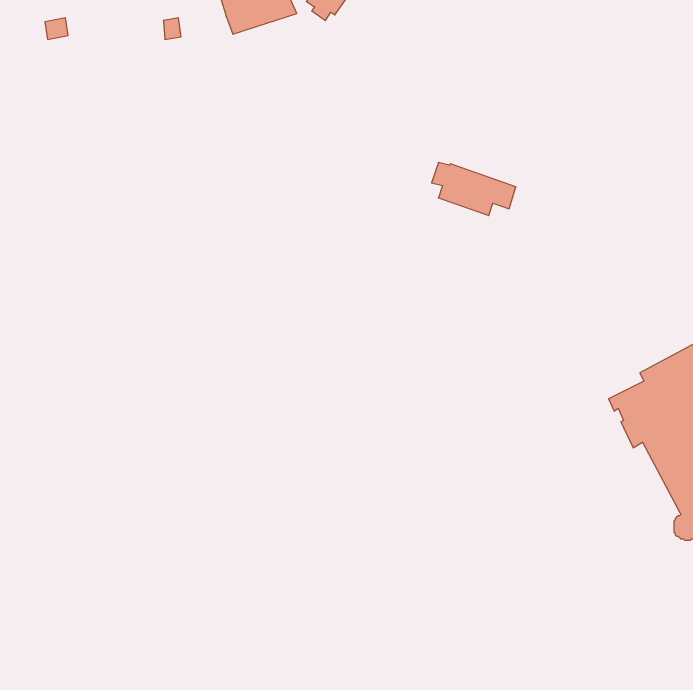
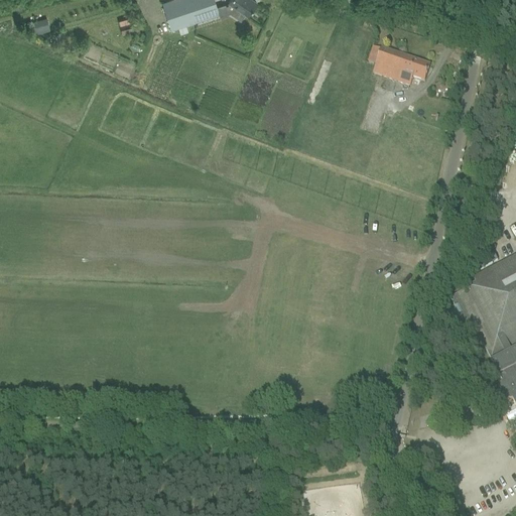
building: [432,162,516,216] -> [370,44,432,84]

